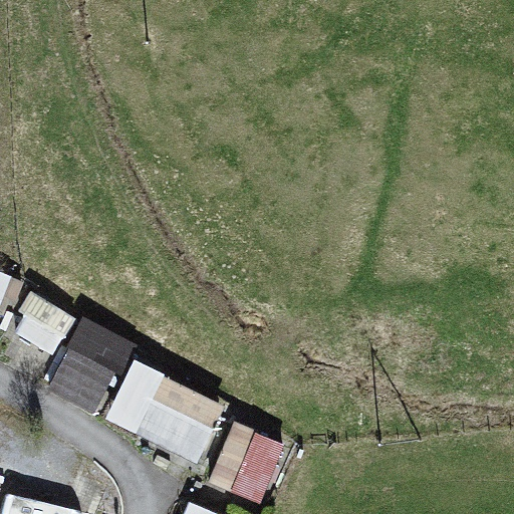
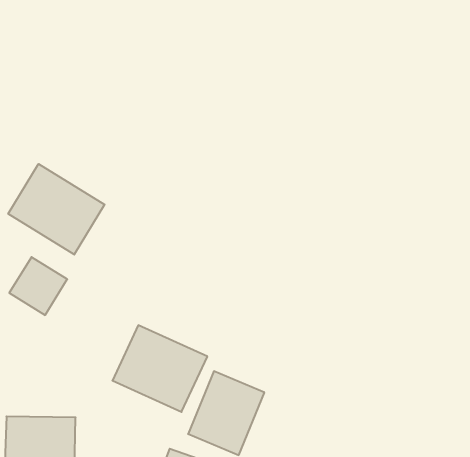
building: none -> [8,164,105,255]
building: [42,316,136,418] -> none

